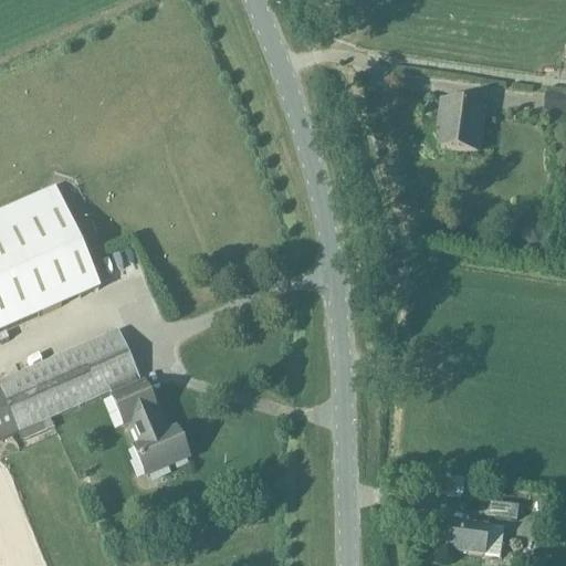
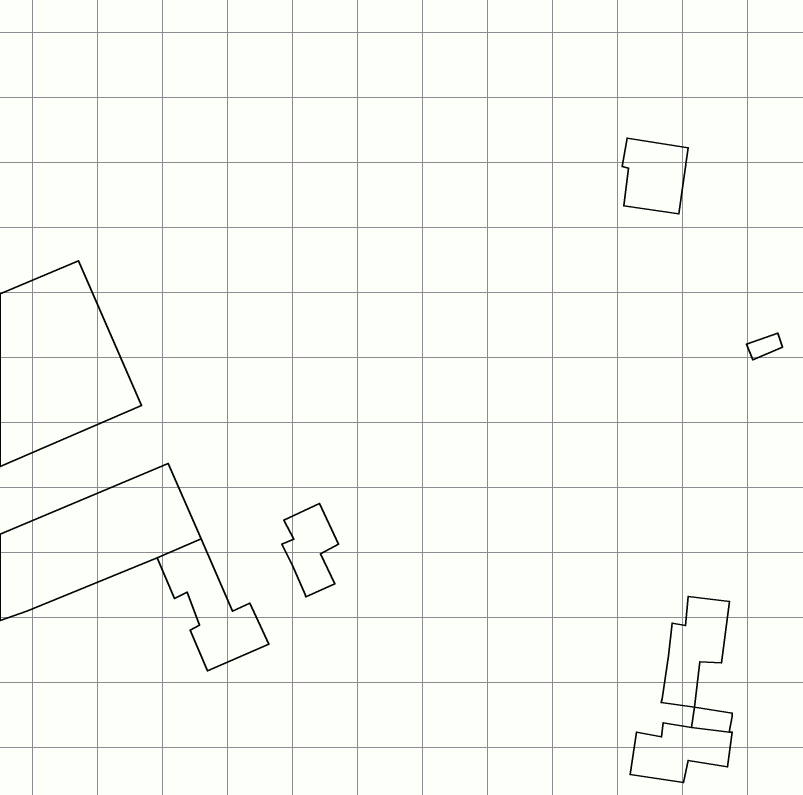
building: none -> [282,504,338,597]
building: none -> [661,596,729,707]

